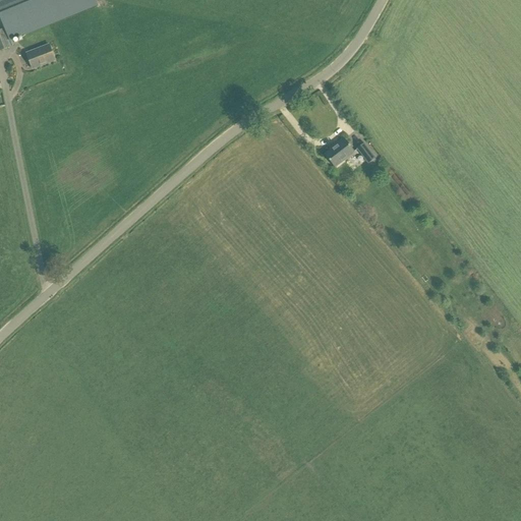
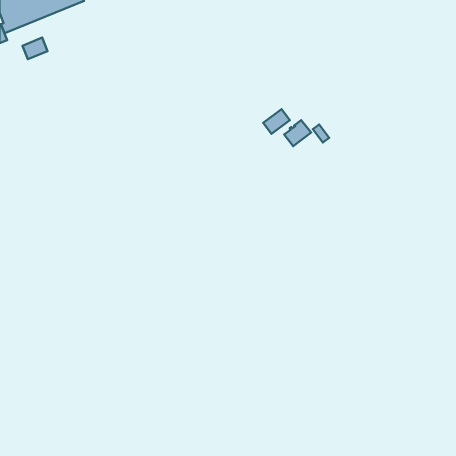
building: none -> [263,109,290,134]

